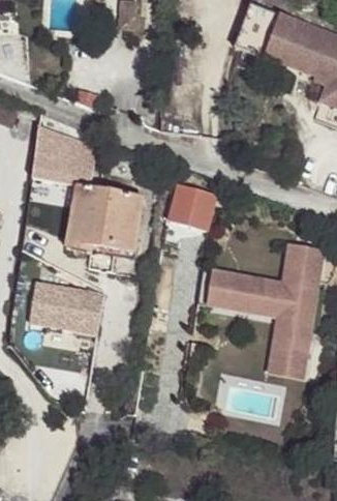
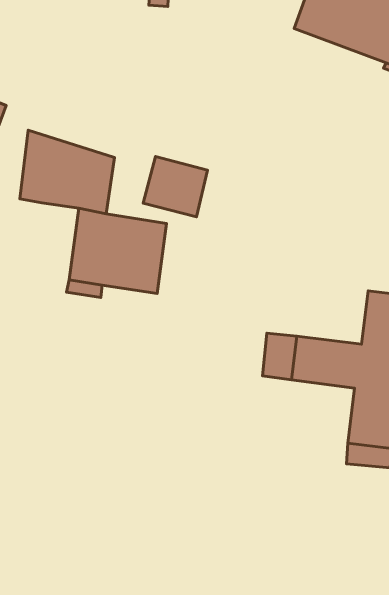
building: [167,182,216,228] -> [143,157,208,217]
building: [28,285,100,335] -> none

